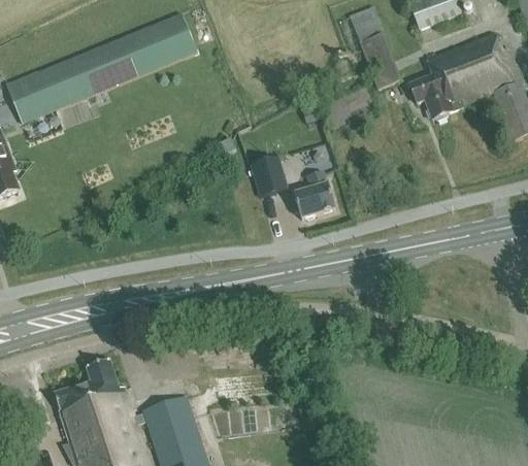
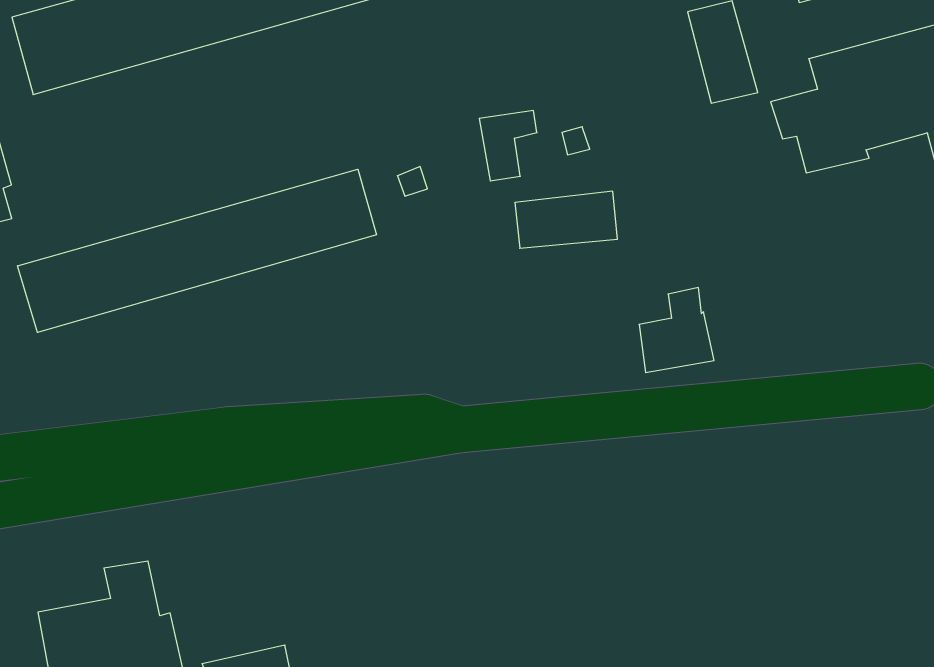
building: none -> [18,169,376,332]
building: [251,157,282,196] -> [479,111,537,181]
building: [294,171,335,219] -> [639,288,714,373]

